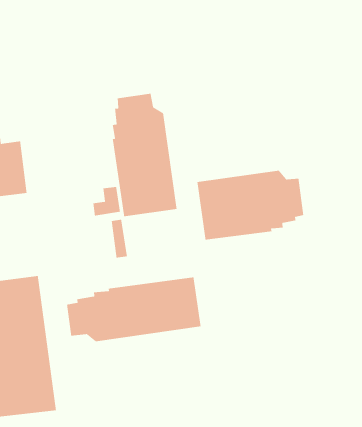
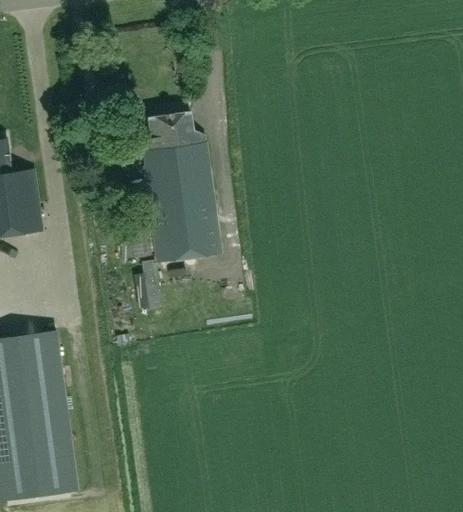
building: [197,170,304,241] -> none
building: [66,276,202,342] -> none

